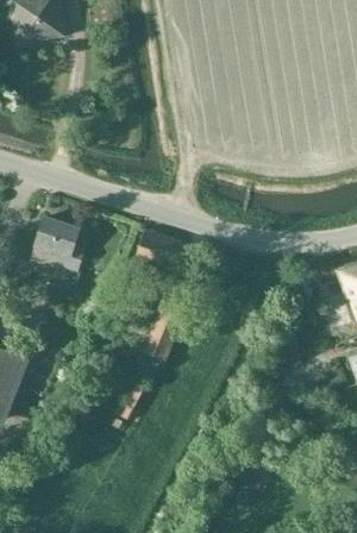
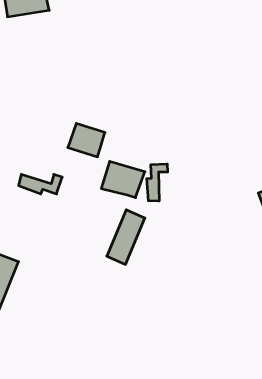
building: [32,217,80,259] -> [68,123,105,157]
building: none -> [147,164,168,201]

